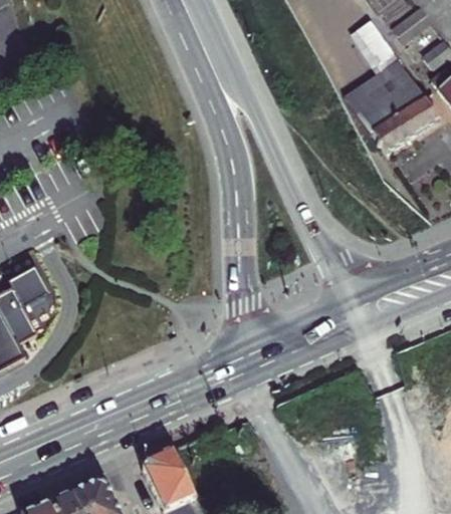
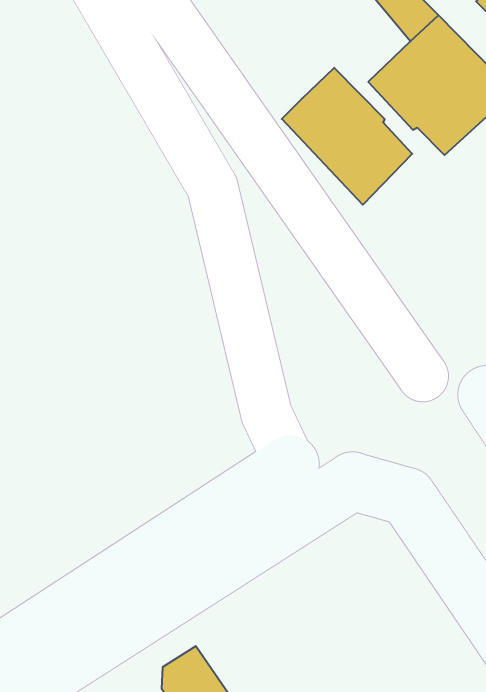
building: none -> [282,68,412,205]

